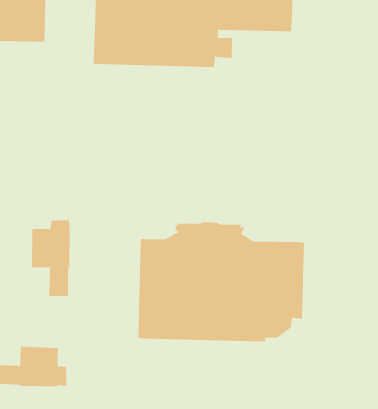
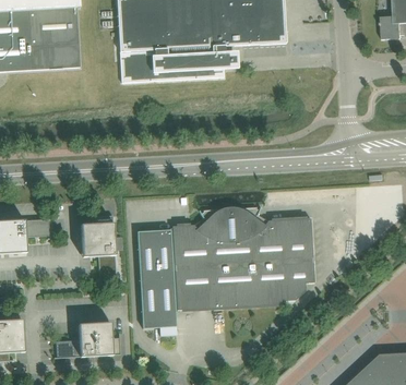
building: none -> [138,228,177,327]

